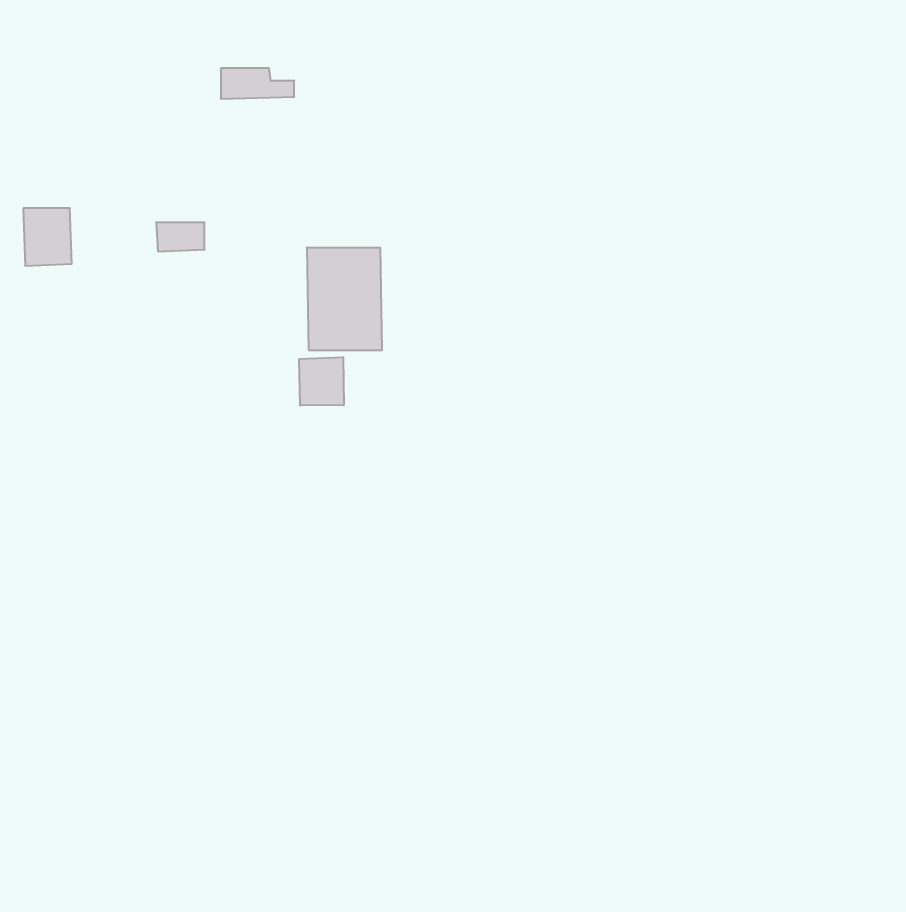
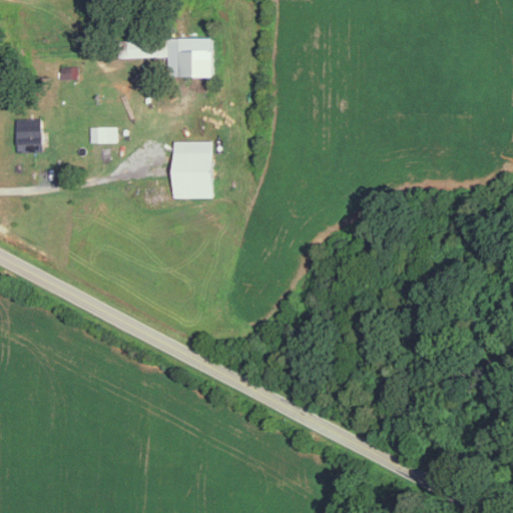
building: none -> [177,38,212,77]
building: [299,357,344,406] -> none

